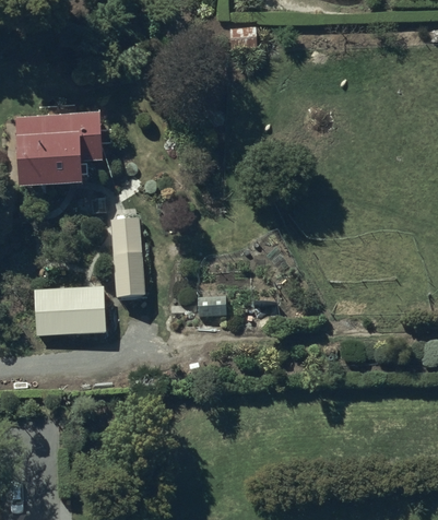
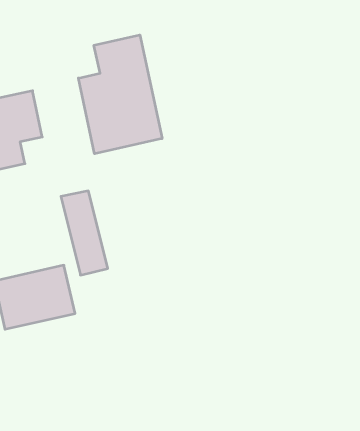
building: none -> [78,35,162,154]

